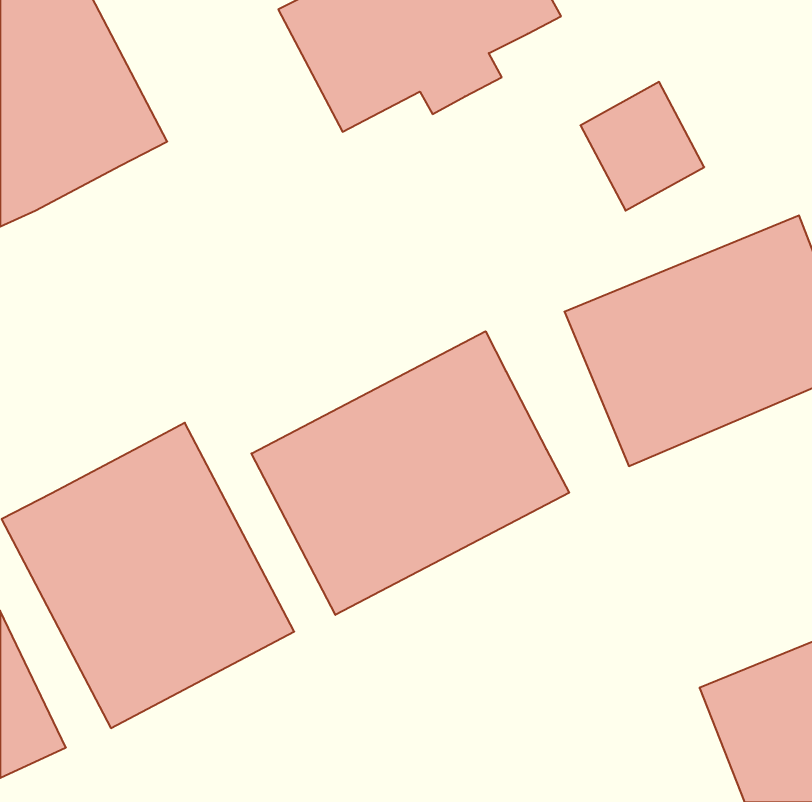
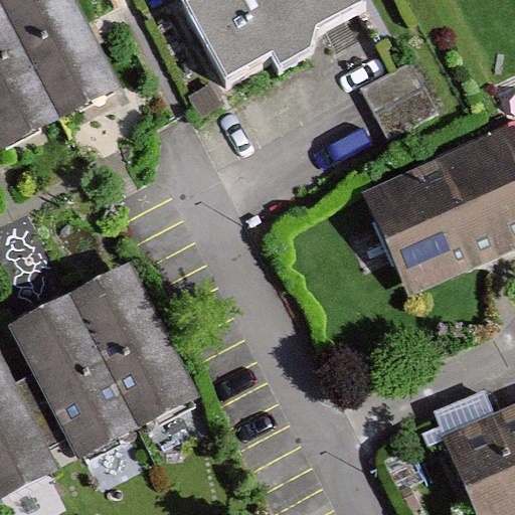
building: [251,331,569,615] -> none

